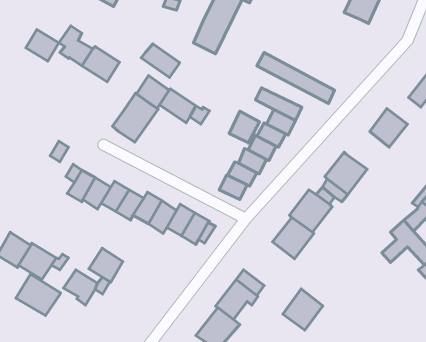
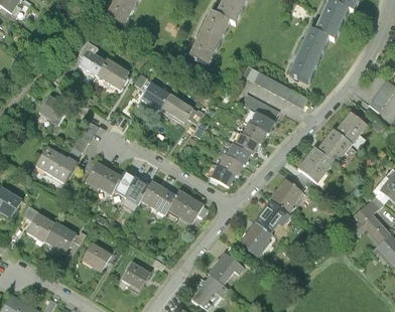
building: none -> [289,29,328,83]
building: [26,29,59,61] -> [39,97,67,123]
building: [141,44,180,77] -> none
building: [112,93,158,142] -> none
building: [229,111,260,143] -> none
building: none -> [316,128,352,164]
building: none -> [35,147,76,182]
building: [89,248,123,282] -> [121,263,149,291]
building: [16,274,61,316] -> none
building: [283,289,323,330] -> [240,221,273,256]

